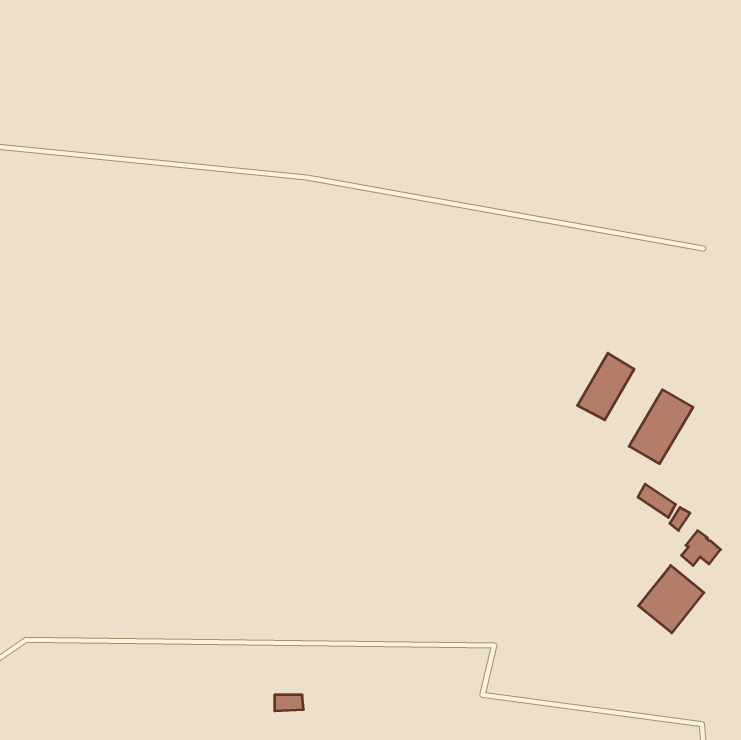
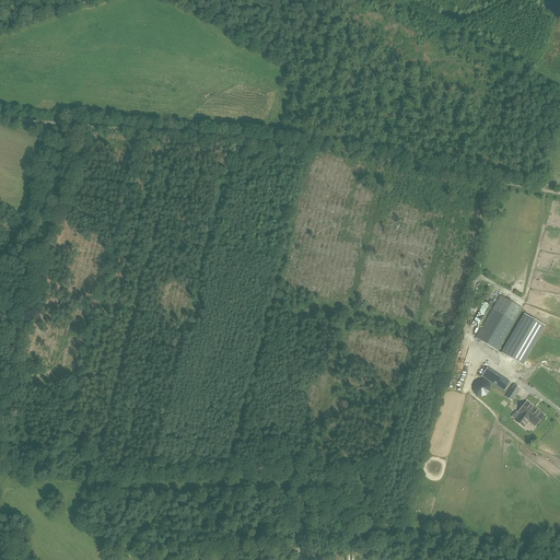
building: [577,353,634,420] -> [500,312,542,362]
building: [638,565,704,633] -> none

